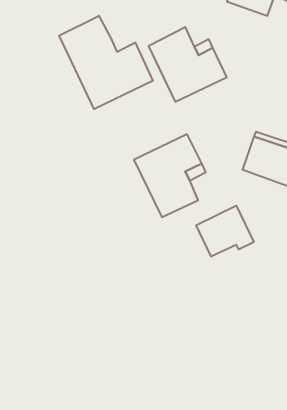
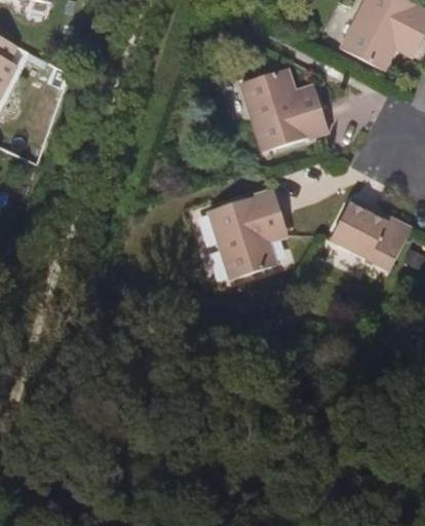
building: [59,16,153,109] -> none
building: [196,206,254,257] -> none

